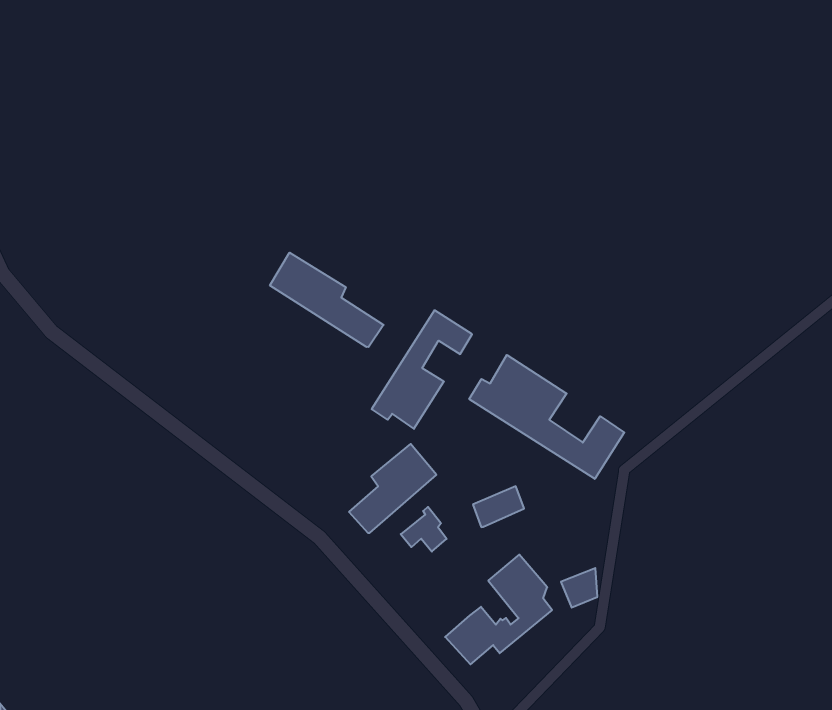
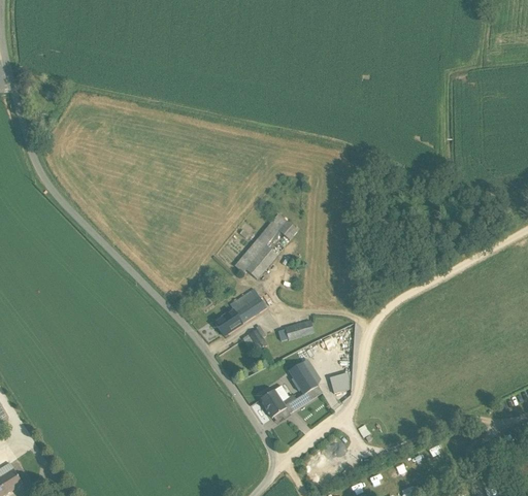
building: [270,253,384,347] -> none
building: [469,355,624,479] -> none

